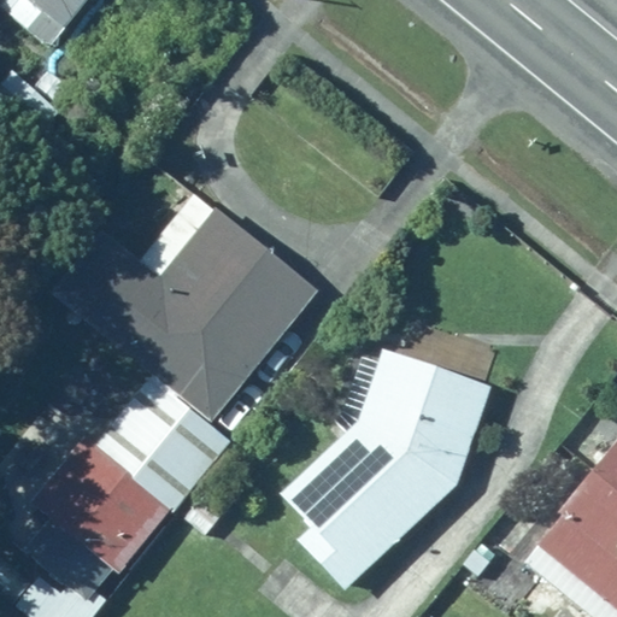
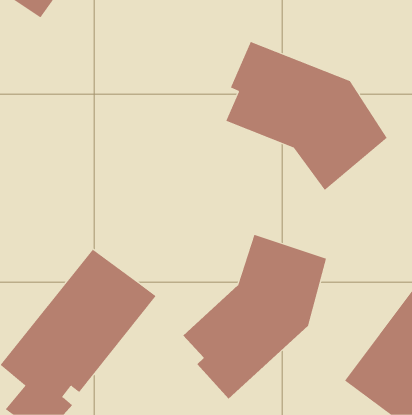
building: none -> [225,41,388,191]
building: [76,196,317,417] -> none

